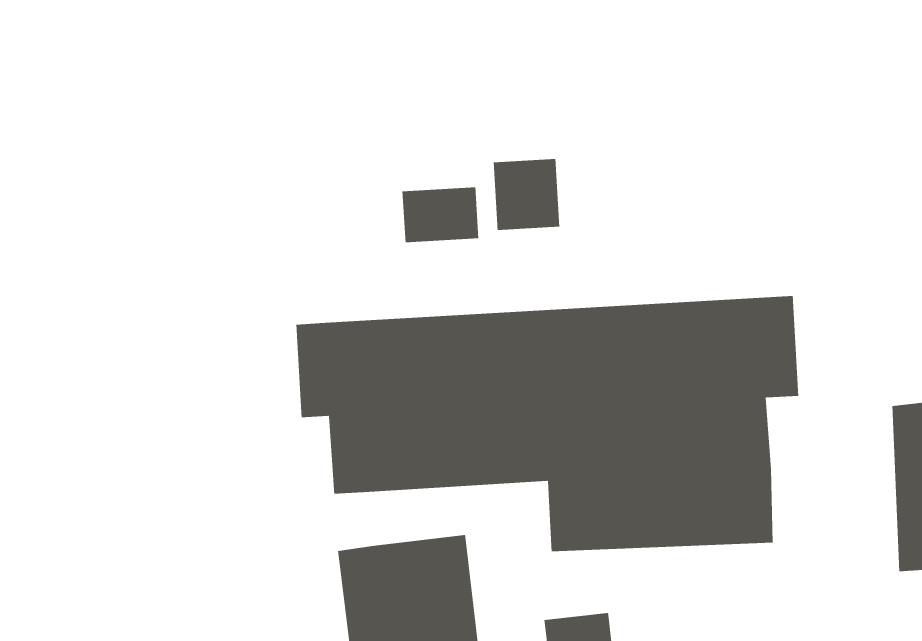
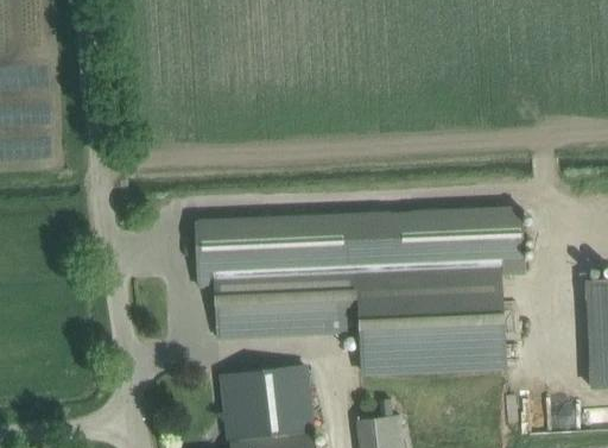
building: [493,158,560,231] -> none
building: [402,187,479,243] -> none

